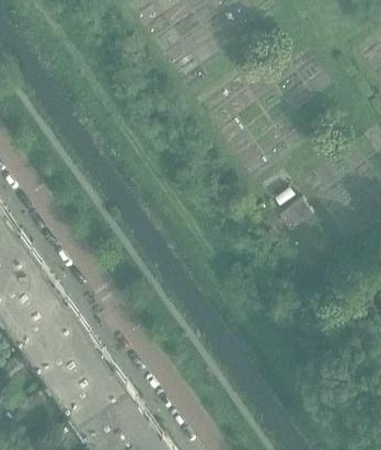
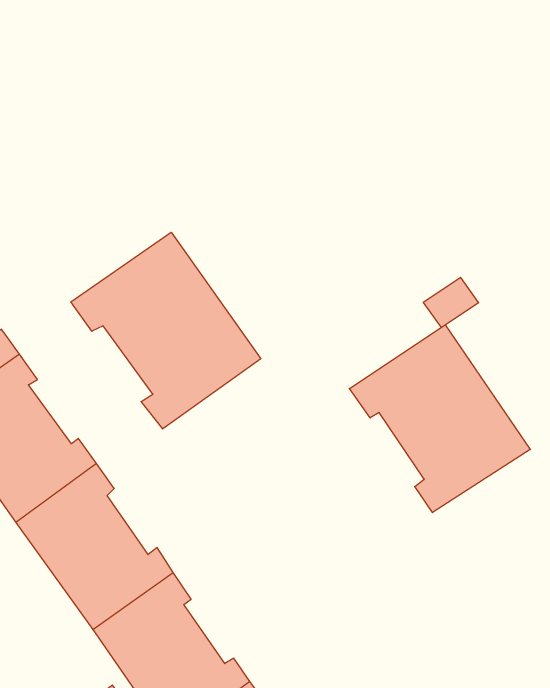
building: none -> [71,232,261,429]
building: none -> [349,325,530,513]

